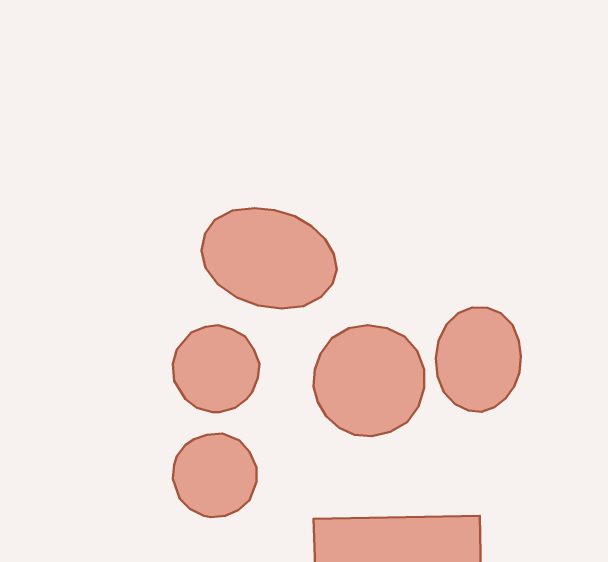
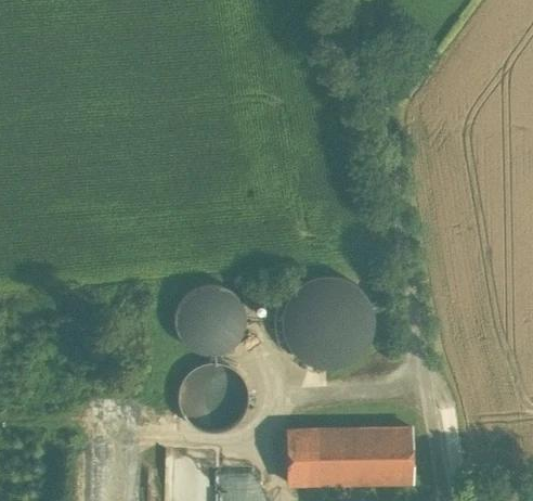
building: [202,208,337,309] -> none
building: [436,308,521,412] -> none

